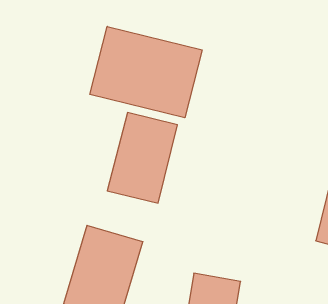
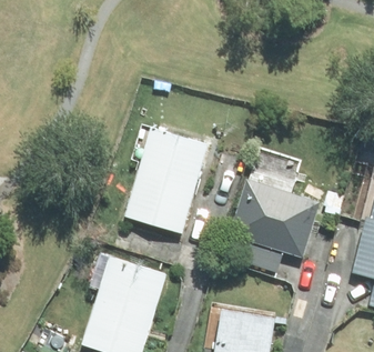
building: [90,26,202,118] -> none
building: none -> [230,180,321,259]

